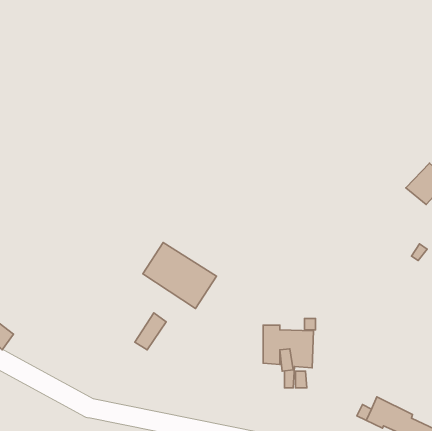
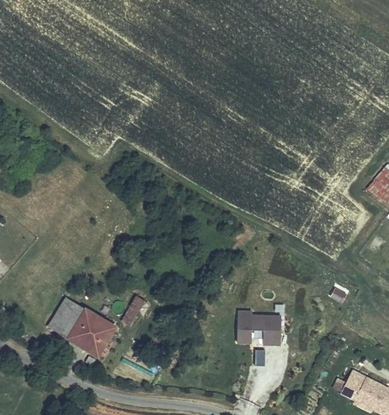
building: [143,243,217,308] -> [51,298,117,357]

